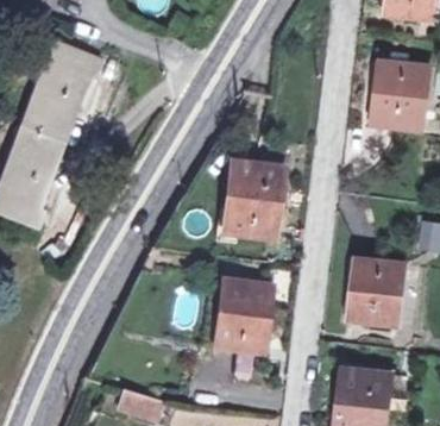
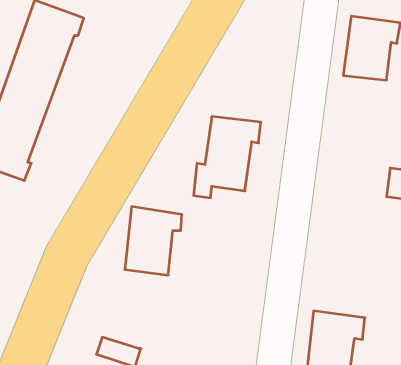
building: [348,253,408,321] -> none
building: [212,286,271,357] -> [125,207,182,275]

